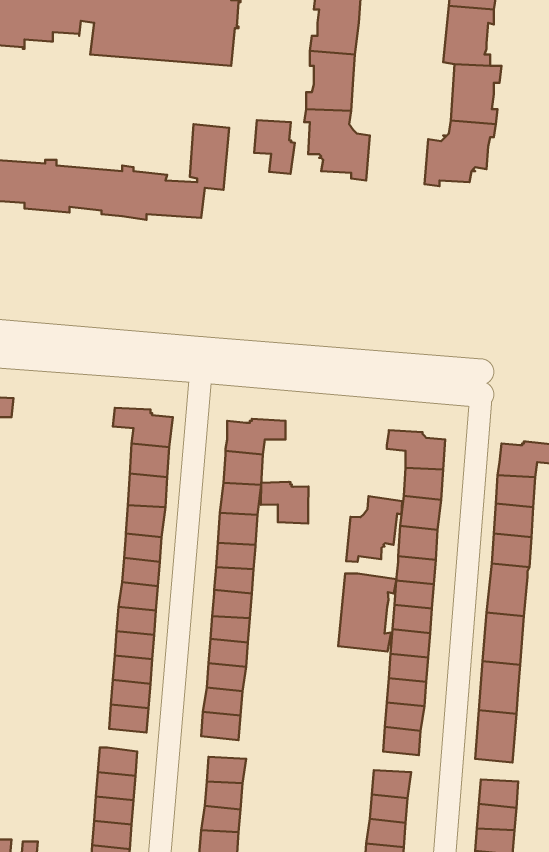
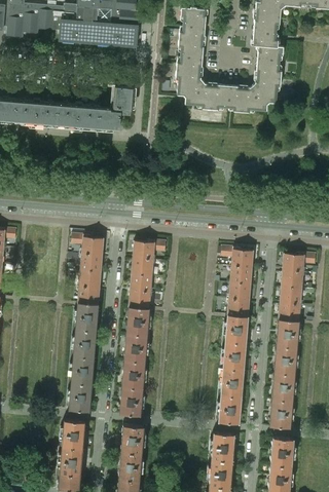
building: [254,120,295,174] -> none
building: none -> [210,86,244,113]
building: [261,482,308,524] -> none
building: [346,496,402,562] -> none
building: [338,573,396,652] -> none

